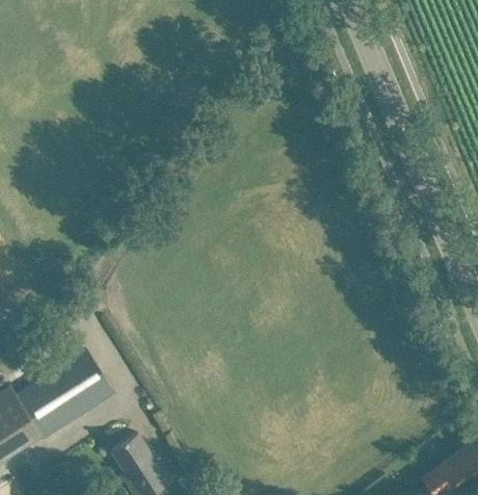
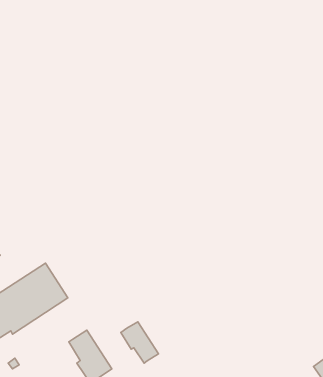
building: none -> [121,322,158,363]

